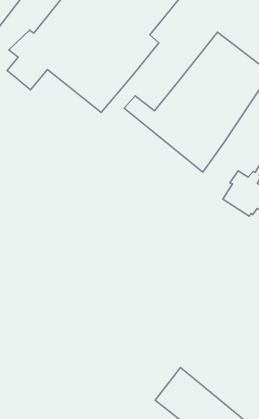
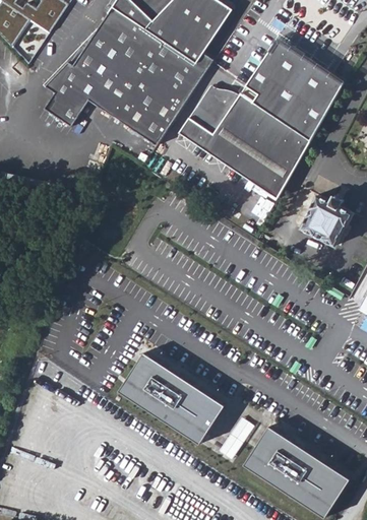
building: none -> [192,94,240,136]
building: none -> [120,348,223,441]
building: none -> [217,414,253,456]

